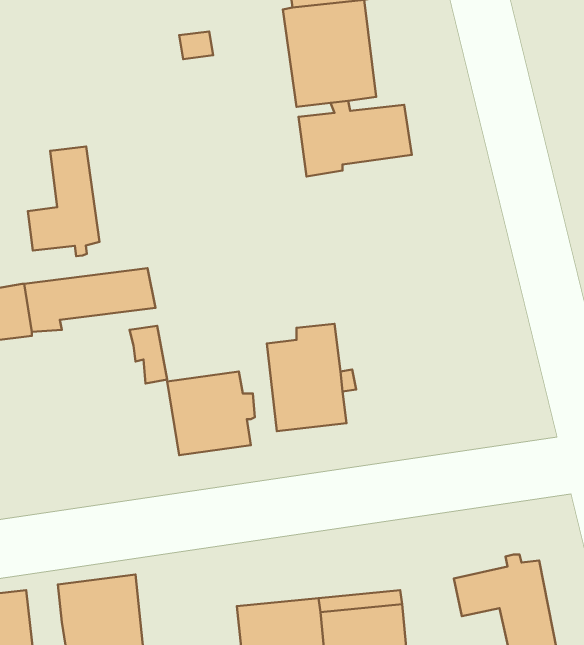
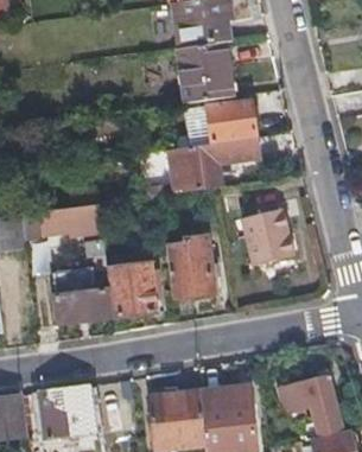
building: [28,147,99,256] -> none
building: none -> [170,139,259,193]
building: none -> [242,209,294,267]
building: none -> [52,267,108,319]

